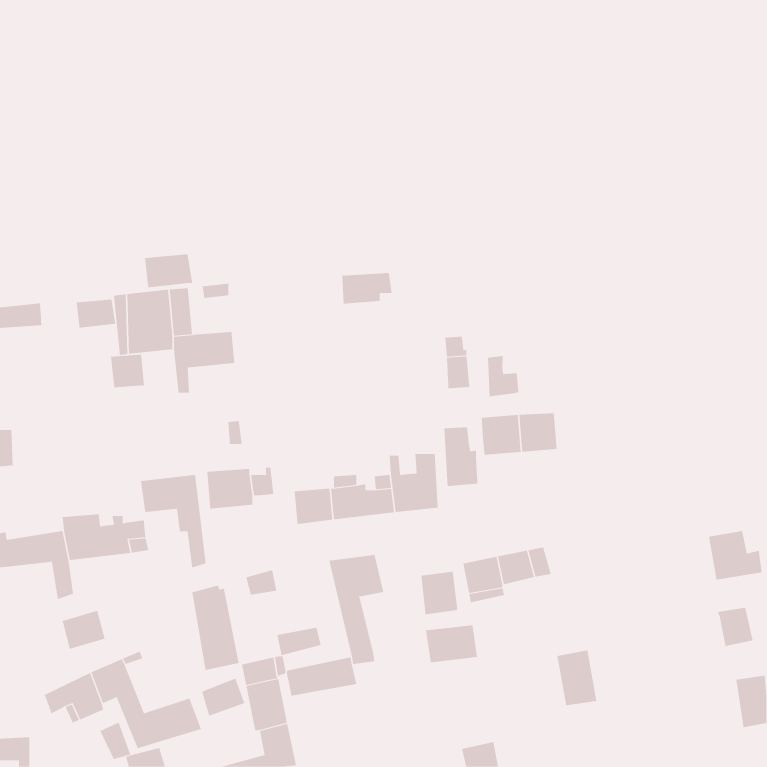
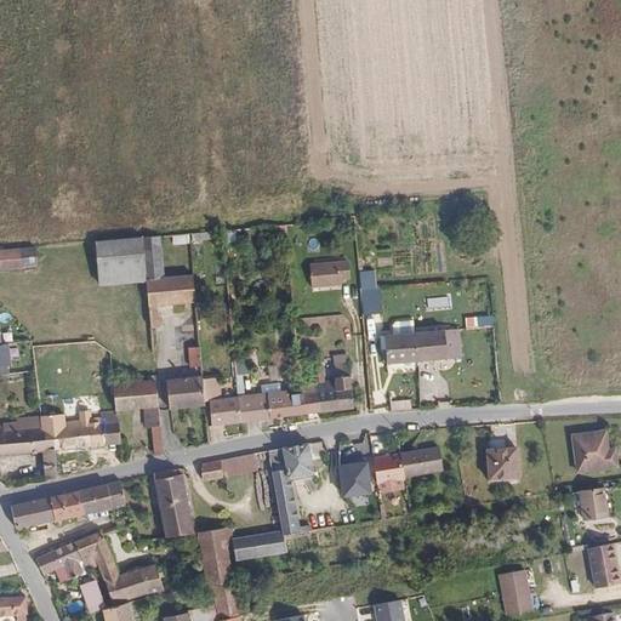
building: [145,254,193,288] -> none
building: [341,272,393,304] -> [308,261,349,286]
building: [76,299,116,329] -> none
building: [111,354,144,388] -> none
building: [487,355,519,397] -> none
building: [444,427,478,487] -> none
building: none -> [207,395,239,425]
building: none -> [486,446,519,482]
building: none -> [79,482,125,514]
building: none -> [11,500,56,532]
building: [426,624,478,663] -> none
building: [276,627,322,656] -> [220,452,256,475]
building: [556,650,597,706] -> [501,565,534,610]
building: [201,678,245,717] -> none

